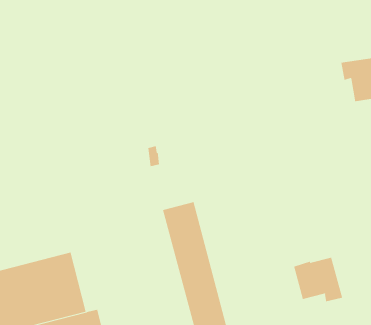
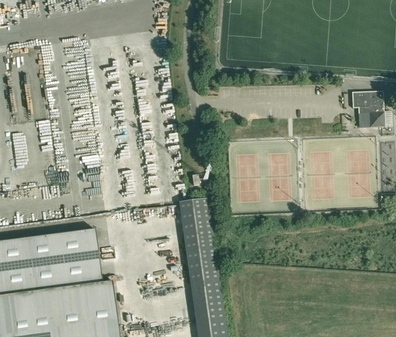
building: [294,257,343,302] -> none

